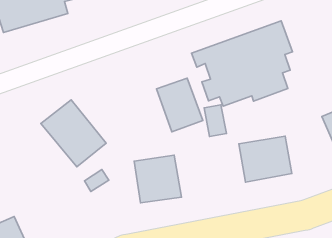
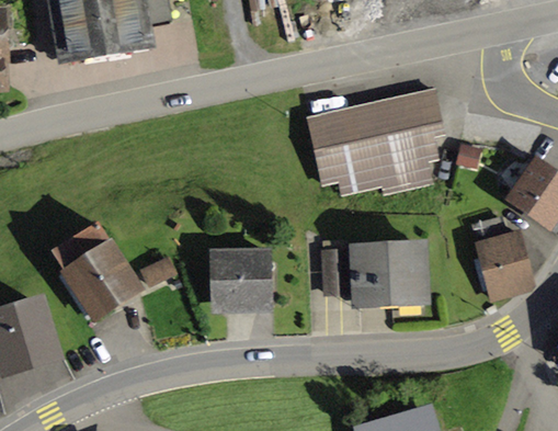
building: [157,78,203,132] -> none
building: [41,100,106,167] -> [53,225,137,316]
building: [204,105,226,137] -> [322,251,348,292]

